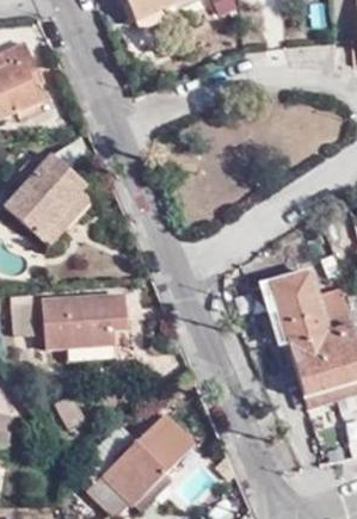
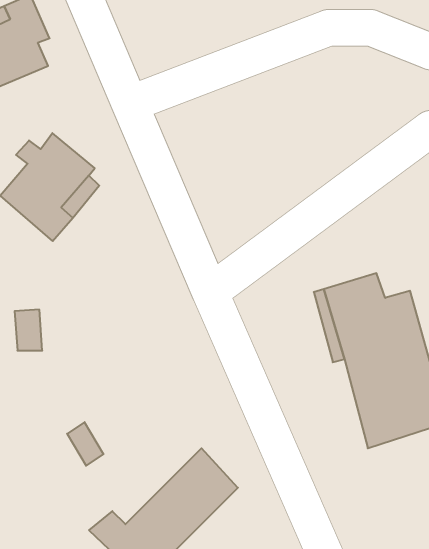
building: [45,296,127,347] -> none

